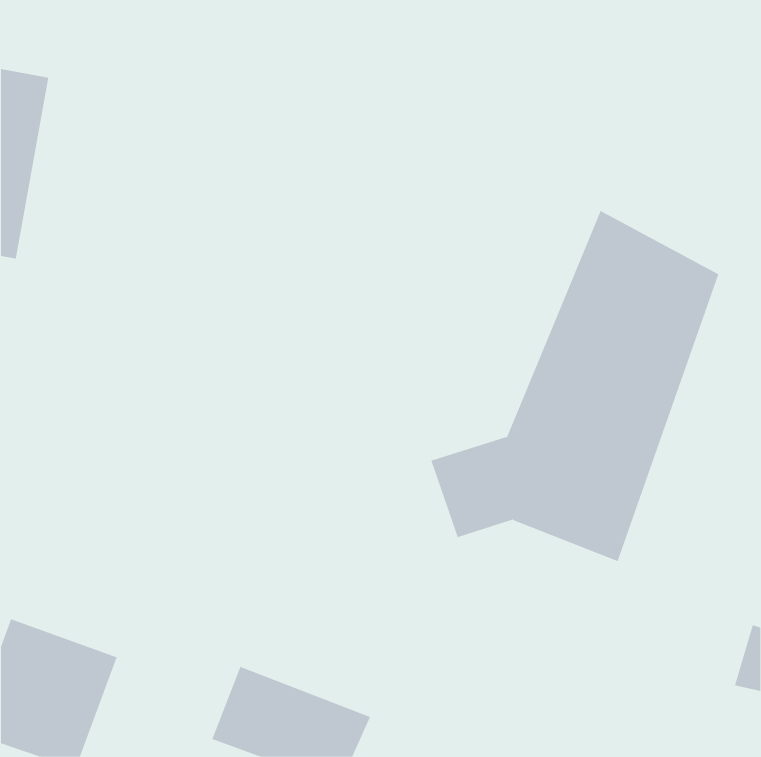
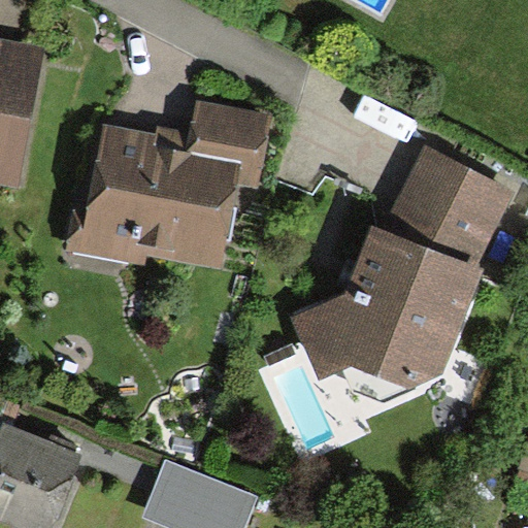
building: none -> [73,110,266,267]

